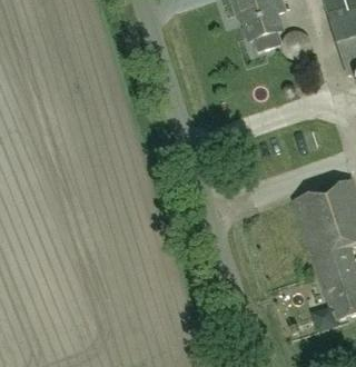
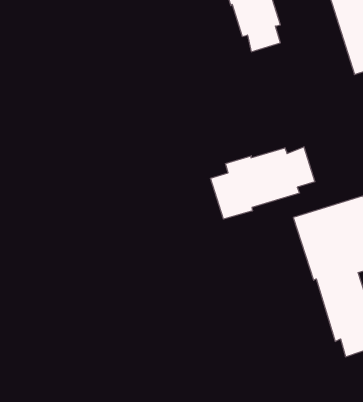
building: none -> [210,147,315,219]

